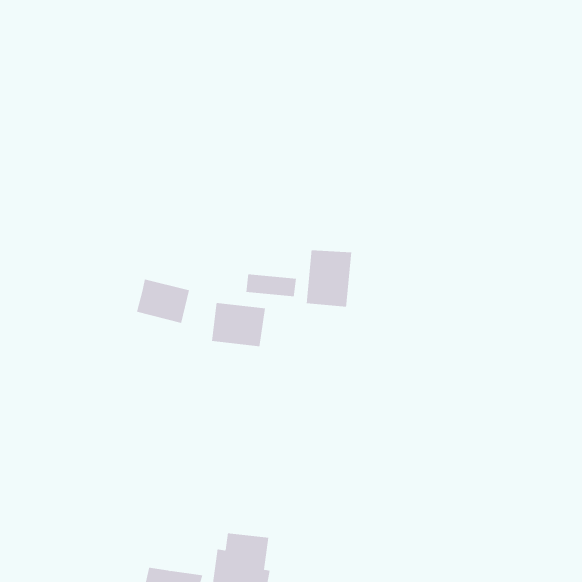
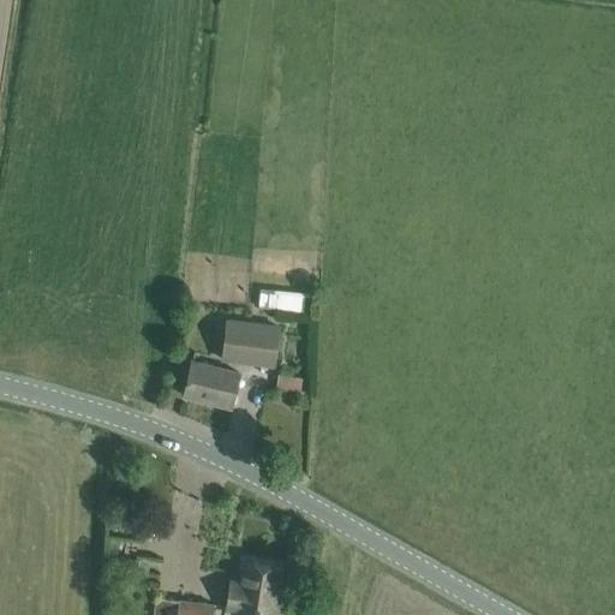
building: [306,249,352,308] -> none
building: [136,279,190,323] -> [184,362,240,408]

